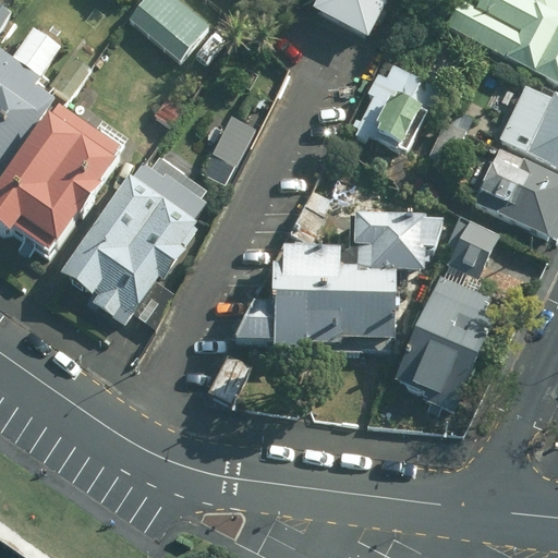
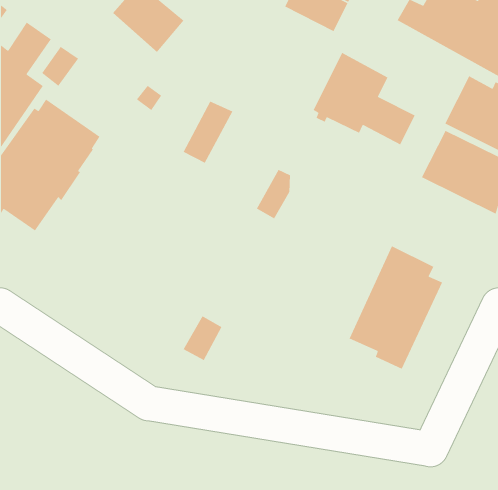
building: [70,153,219,323] -> none
building: [231,217,441,351] -> none
building: [447,217,495,276] -> none

